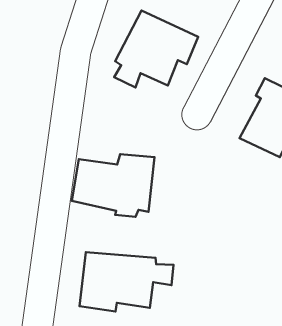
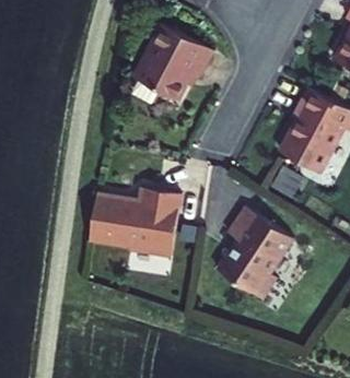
building: none -> [228,210,296,290]
building: [80,252,173,312] -> none

